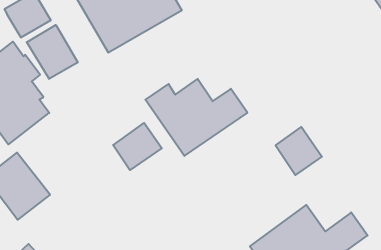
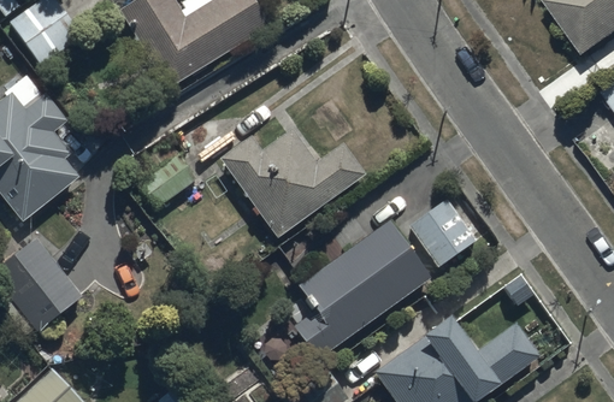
building: [27,25,78,79] -> none
building: [113,123,162,170] -> none
building: none -> [285,218,433,362]

